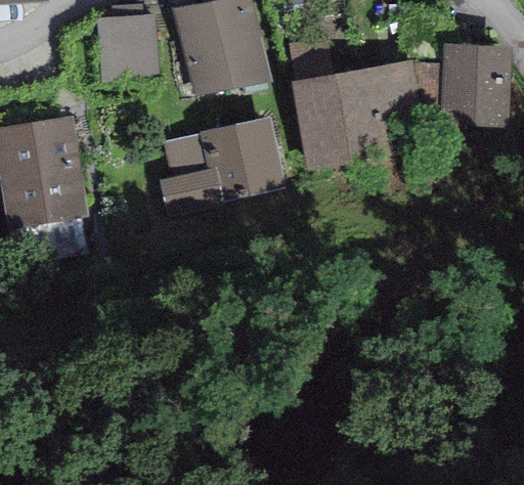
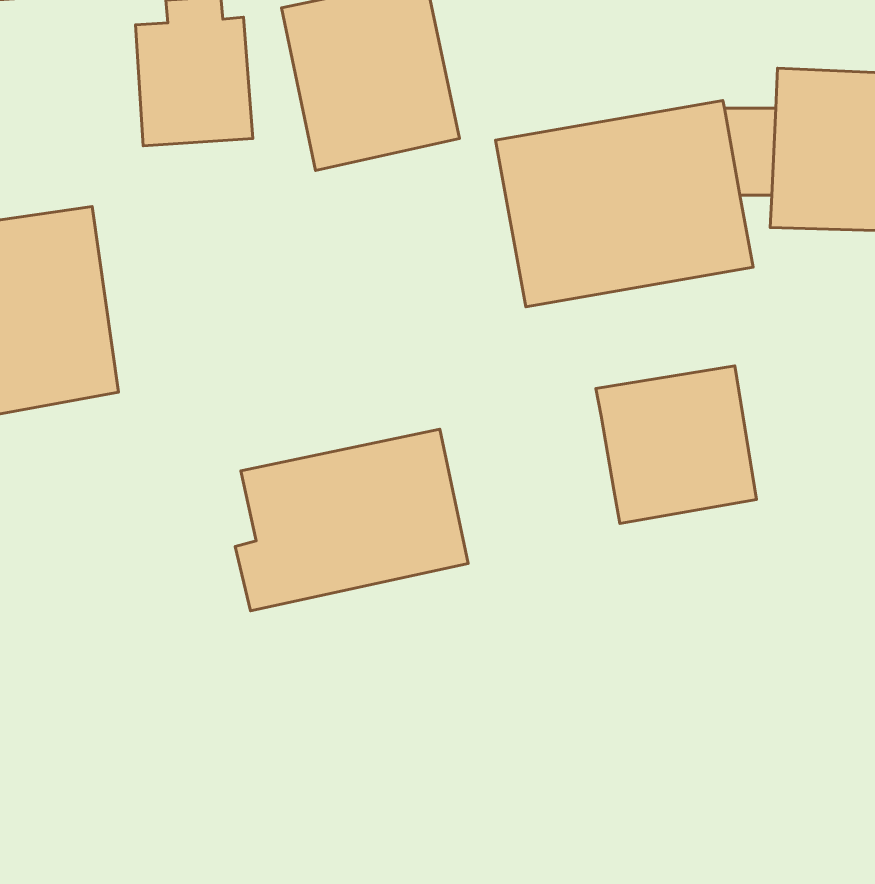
building: [160,117,286,215] -> [235,429,468,611]
building: none -> [596,366,757,524]

